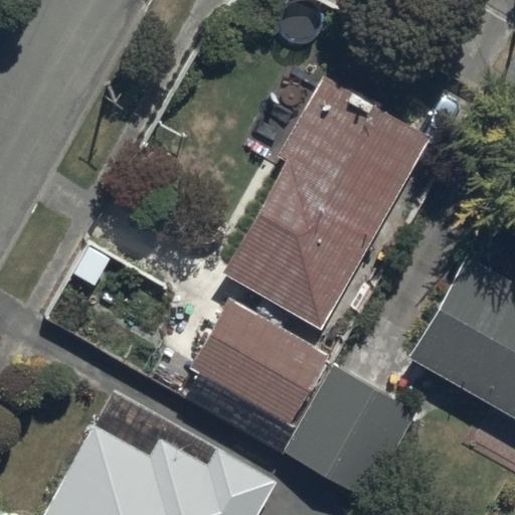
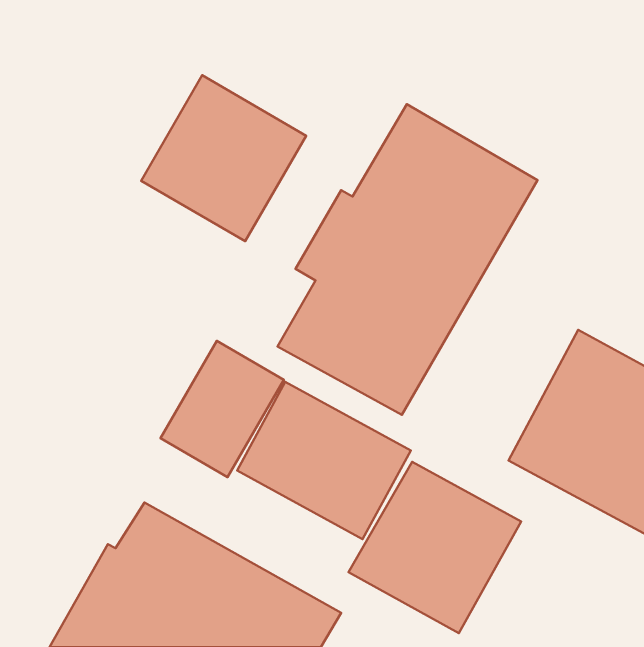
building: none -> [141,75,306,241]
building: none -> [161,341,284,477]

